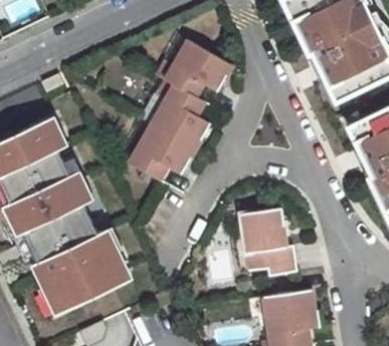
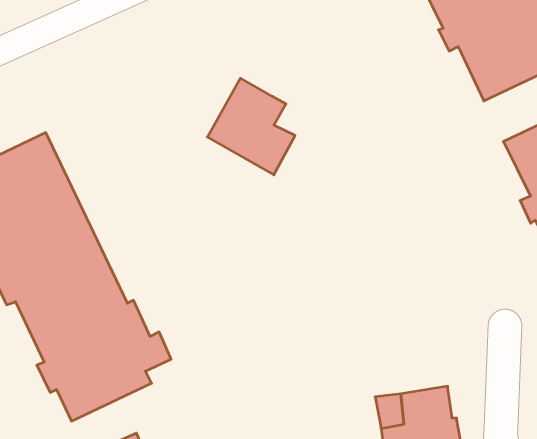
building: [164,40,230,96] -> none
building: [128,123,194,180] -> none
building: [232,208,295,275] -> none

